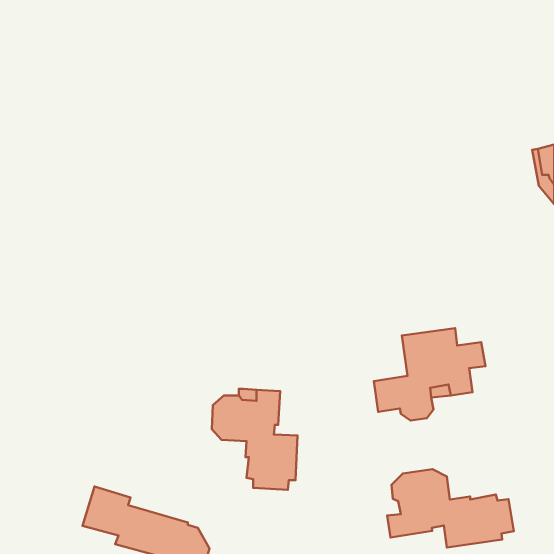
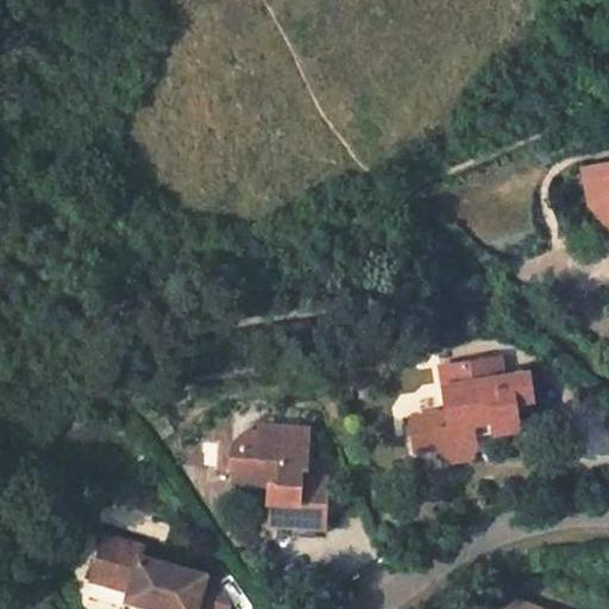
building: [387,469,514,547] -> none

